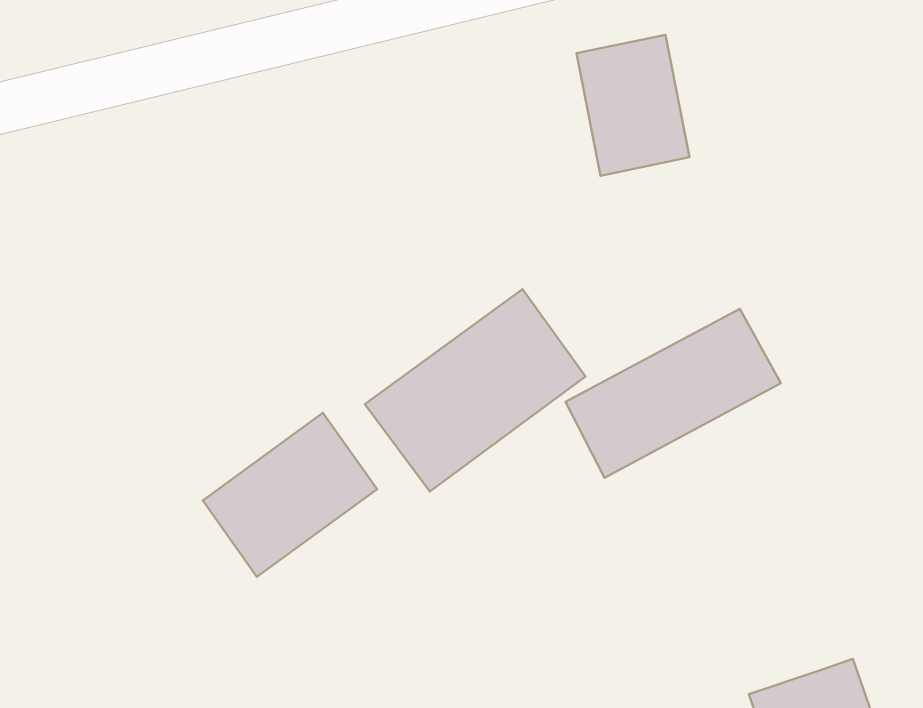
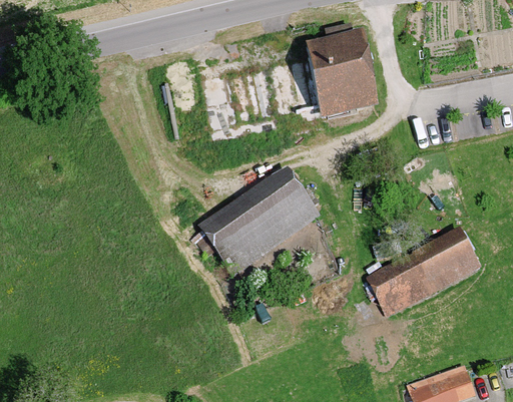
building: [565,309,781,478] -> [366,226,482,317]
building: [203,413,377,577] -> none

